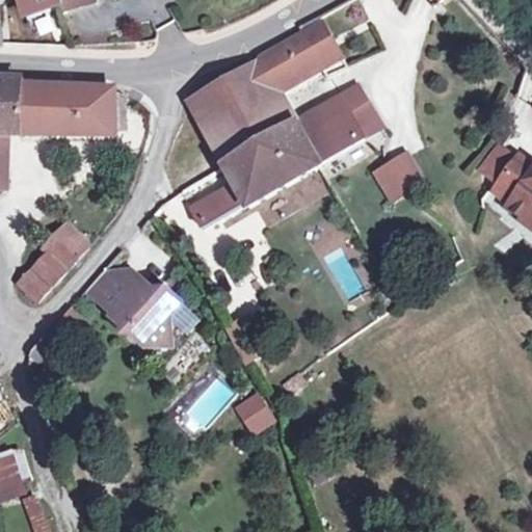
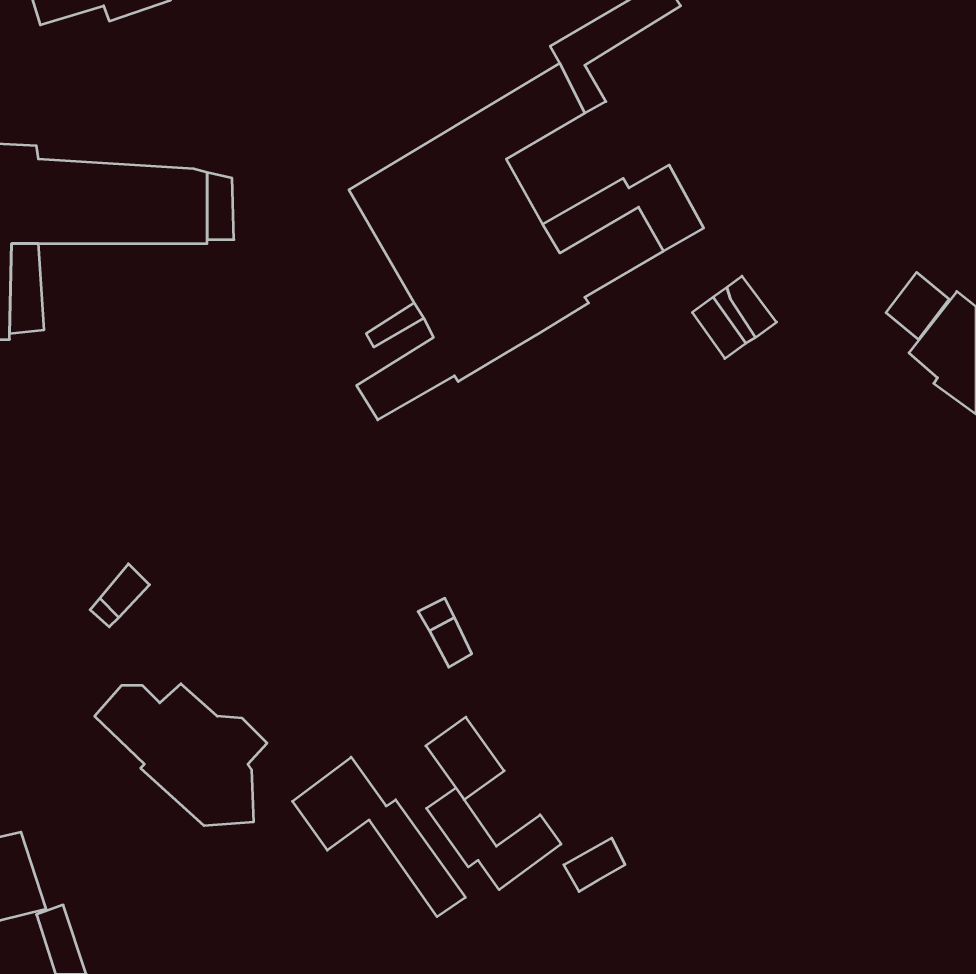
building: [19,220,88,299] -> none
building: [85,271,179,348] -> [95,684,267,826]
building: none -> [292,757,465,917]
building: none -> [426,788,561,890]

